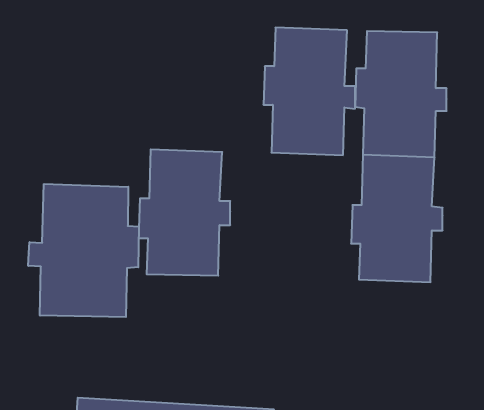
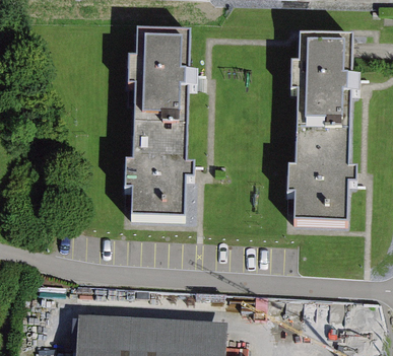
building: [263,28,355,155] -> [127,31,197,129]
building: [28,184,139,317] -> none

